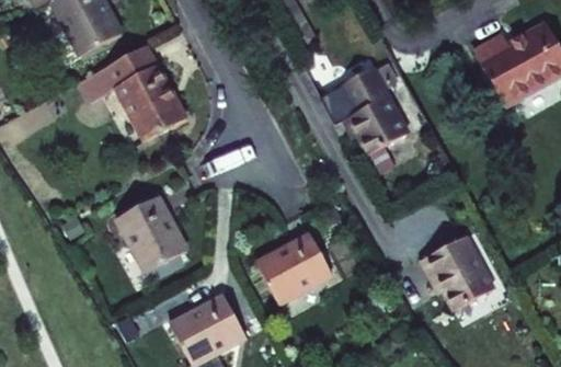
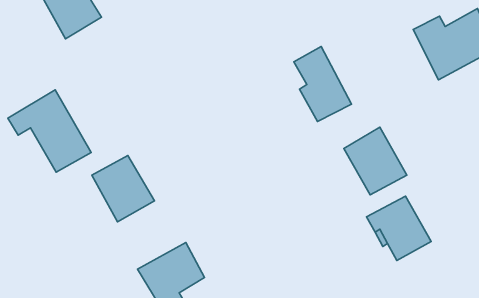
building: [84,46,181,141] -> [8,90,91,172]
building: none -> [344,127,407,195]
building: [245,227,324,300] -> none

